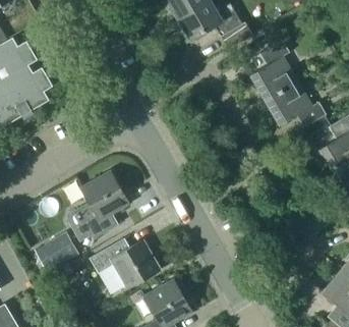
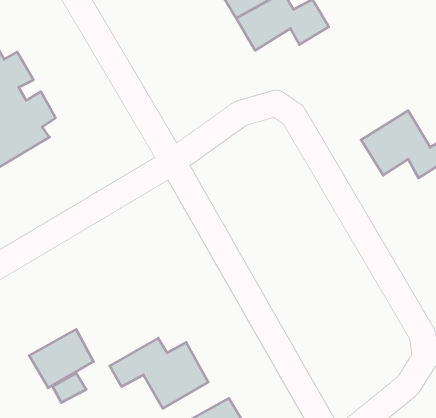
building: [249,39,296,101] -> none
building: [67,171,127,242] -> none

